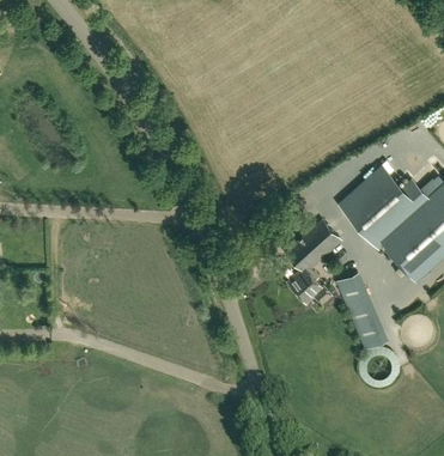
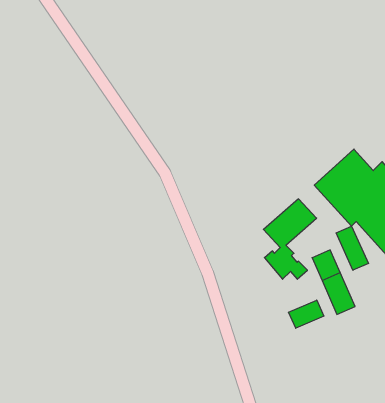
building: none -> [336,226,368,270]
building: none -> [289,300,324,328]

